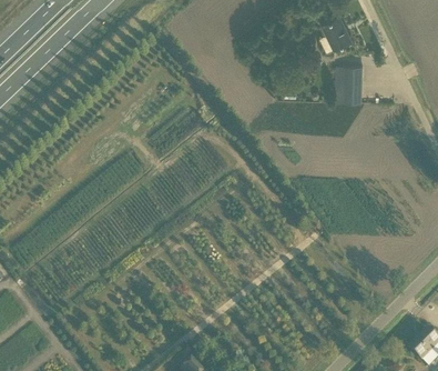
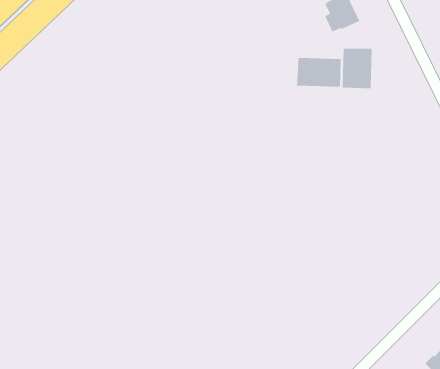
building: none -> [296,57,341,88]

